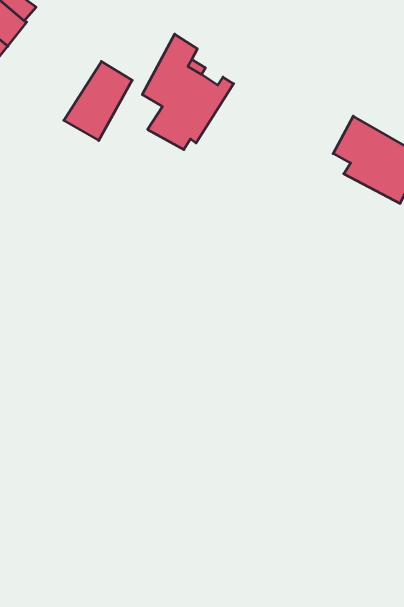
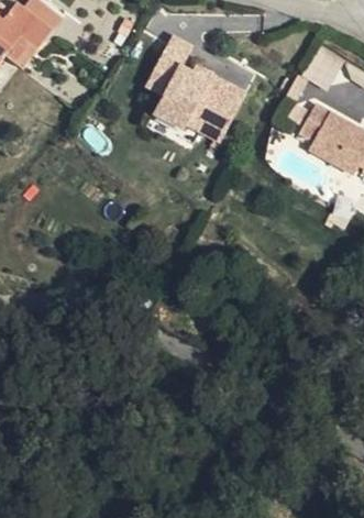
building: [64,61,132,141] -> [189,78,245,143]

